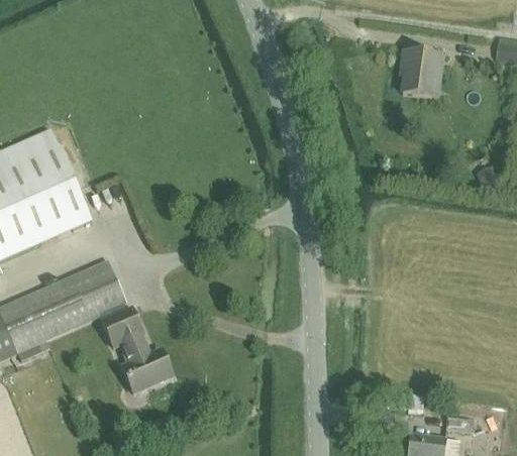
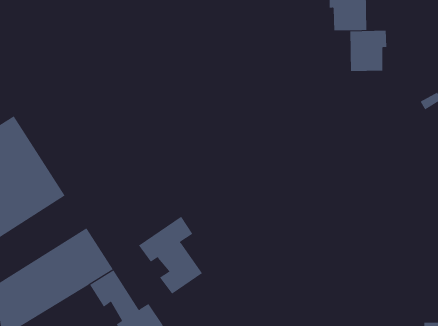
building: none -> [350,30,387,72]
building: none -> [138,216,203,295]

